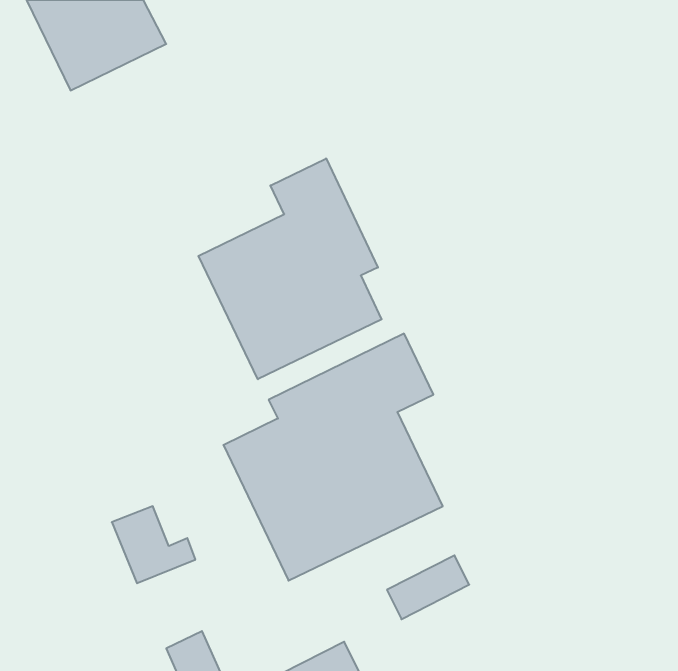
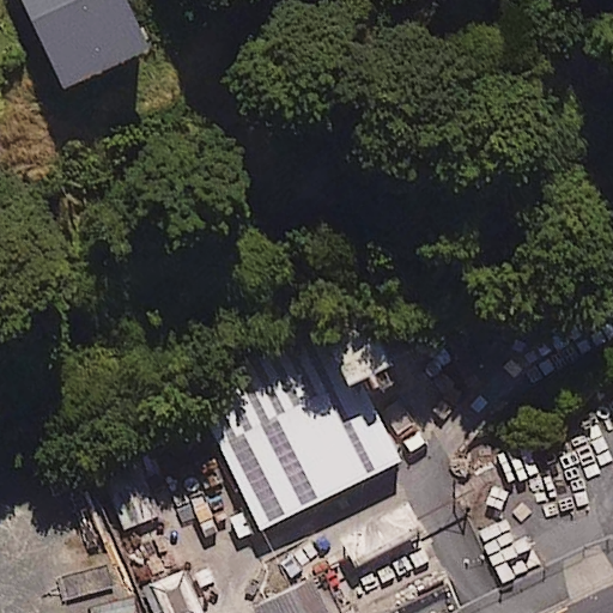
building: [198,158,382,379] -> none

